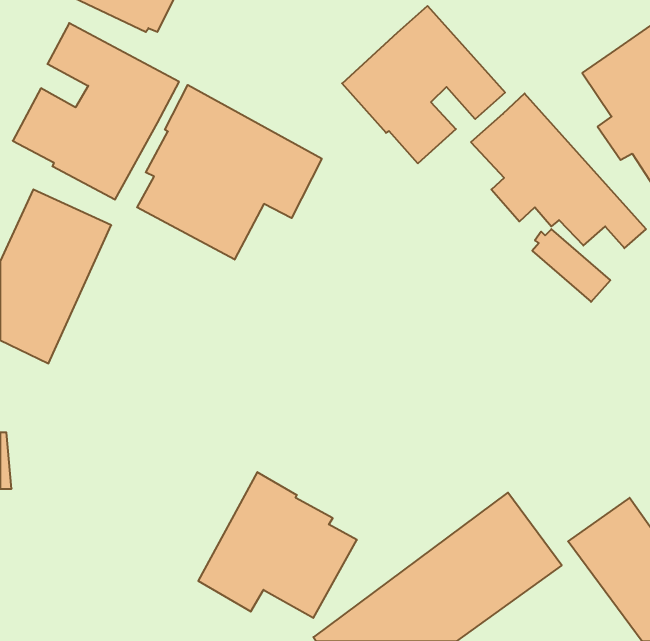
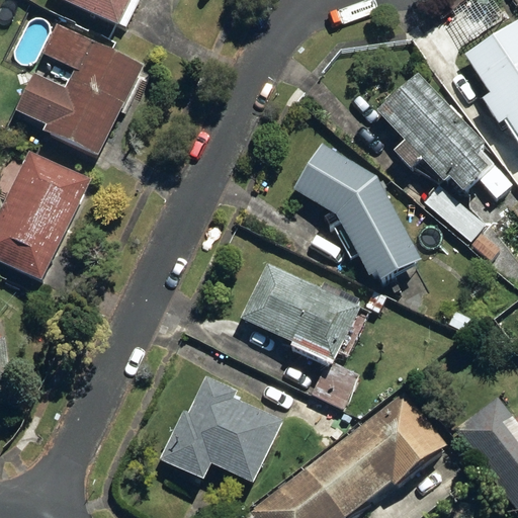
building: [342,6,505,163] -> none
building: [137,85,322,260] -> none
building: none -> [294,146,421,286]
building: none -> [241,259,370,369]

